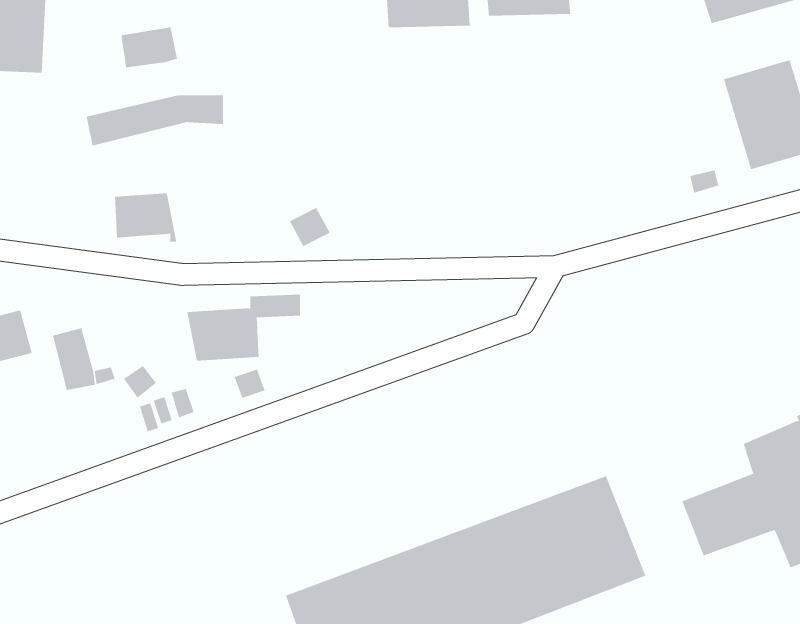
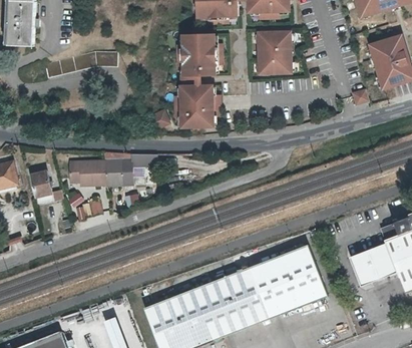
building: [121,27,177,68] -> none
building: none -> [259,30,292,75]
building: none -> [182,33,219,75]
building: none -> [180,84,217,126]
building: [114,193,177,242] -> [69,162,101,188]

